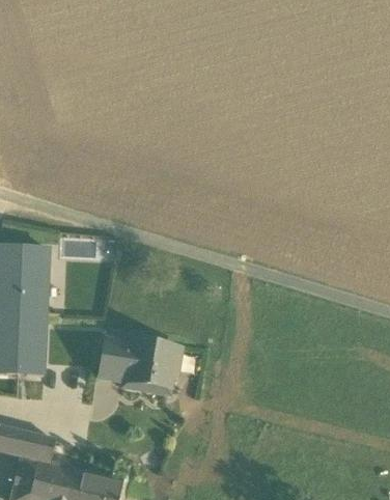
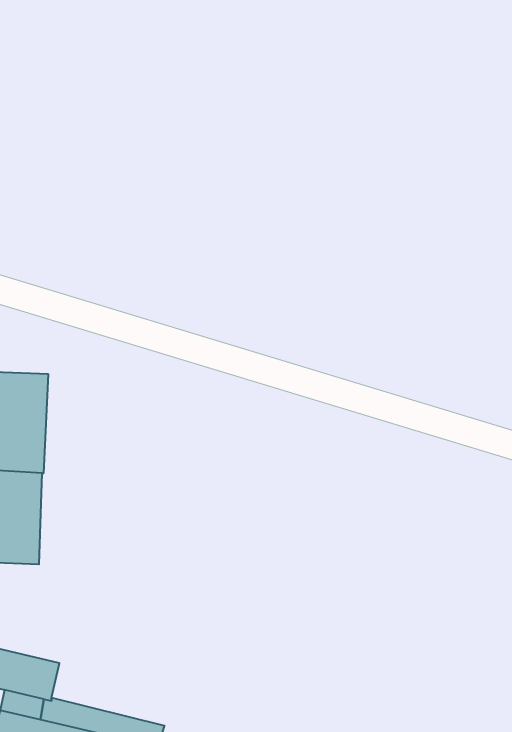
building: [100,340,179,395] -> none

